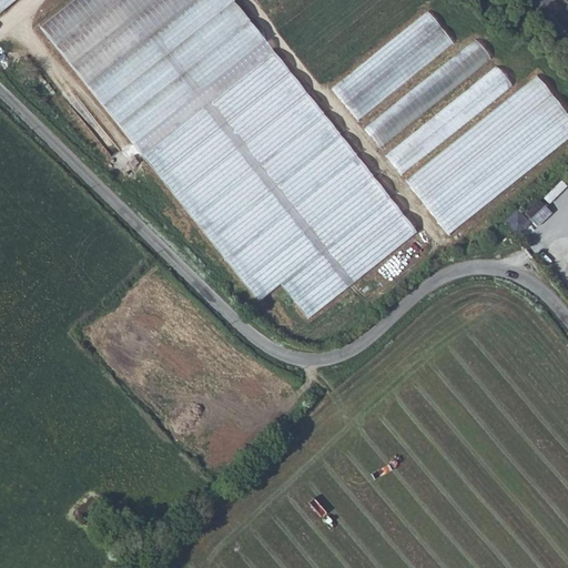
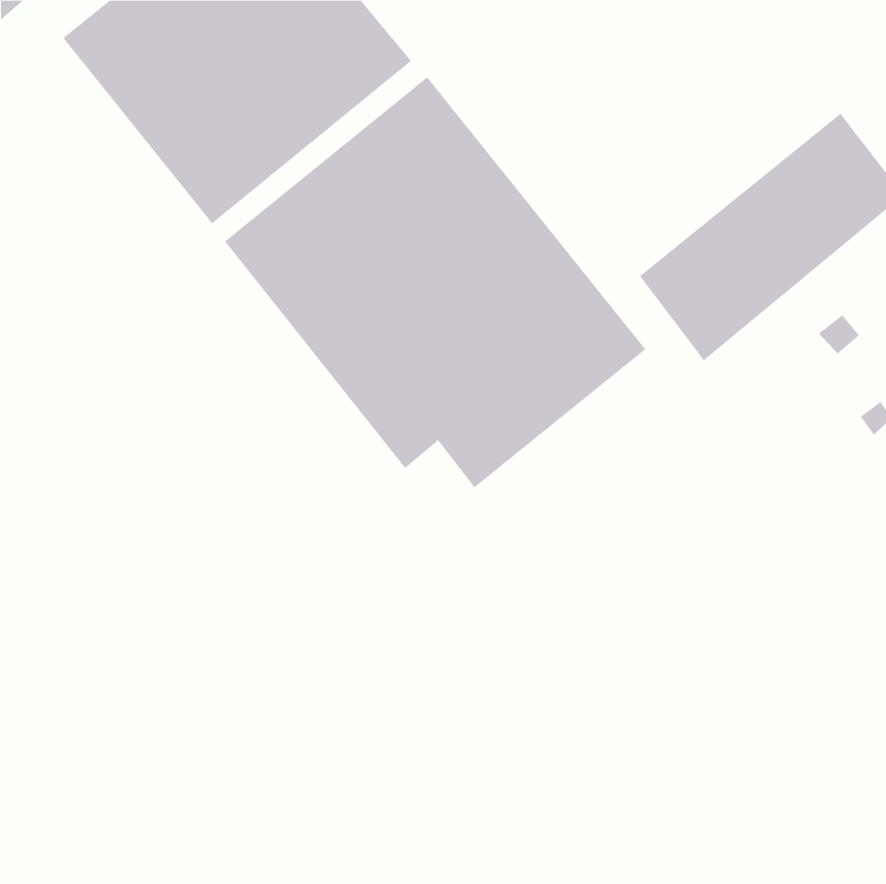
building: [333,9,453,118] -> none
building: [365,37,490,145] -> none
building: [386,64,513,173] -> none

